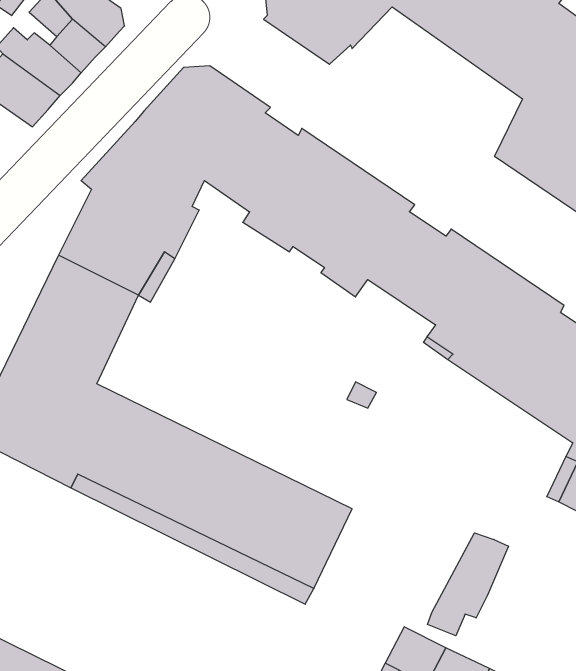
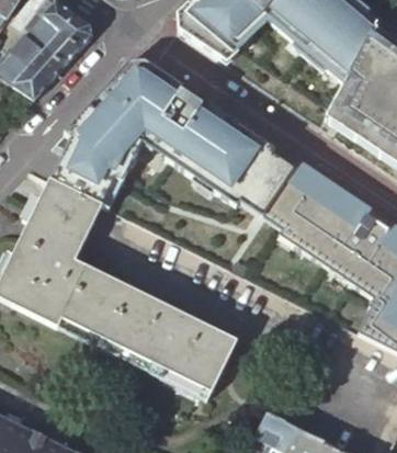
building: [427,533,508,636] -> none

